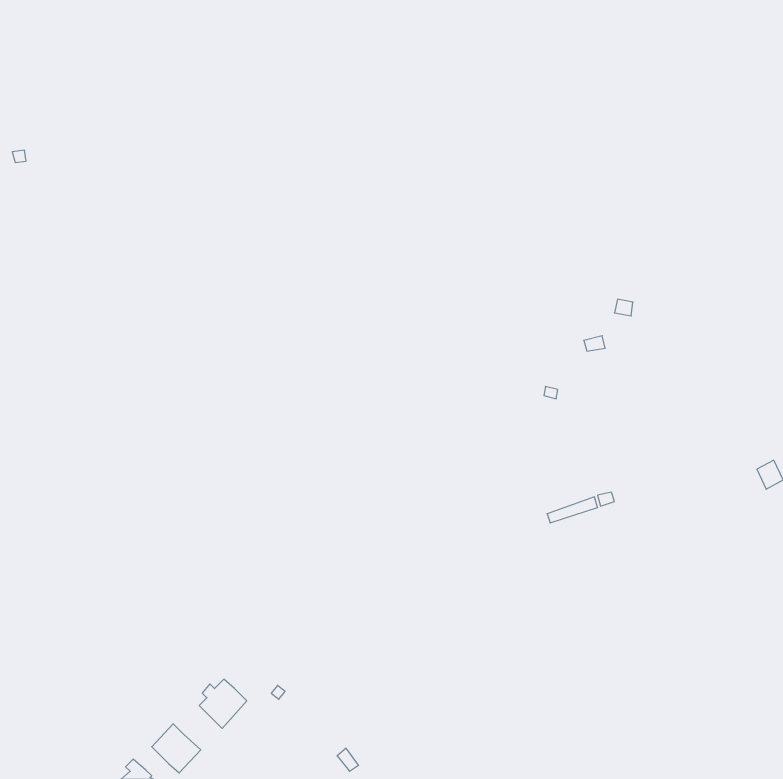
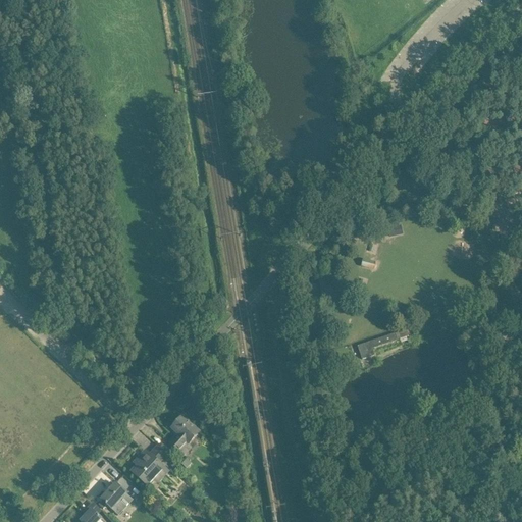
building: none -> [170,414,200,450]

